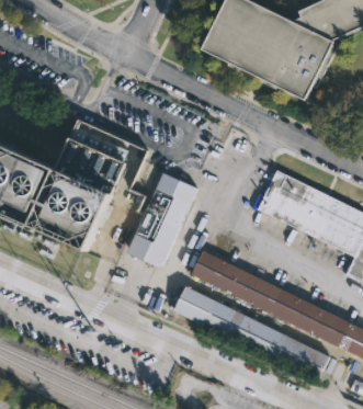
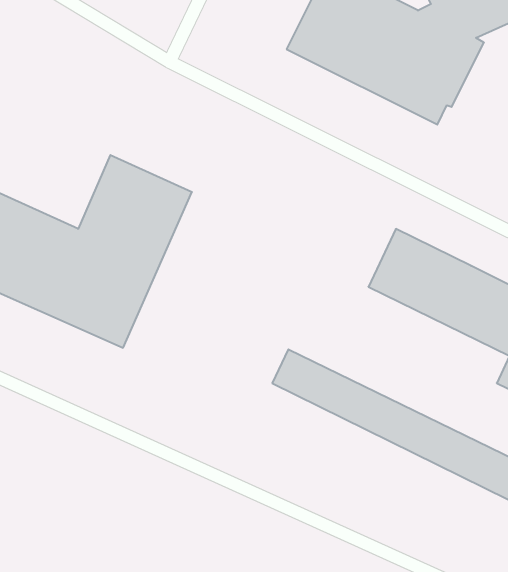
building: [125,171,196,266] -> none
building: [173,286,330,383] -> none

